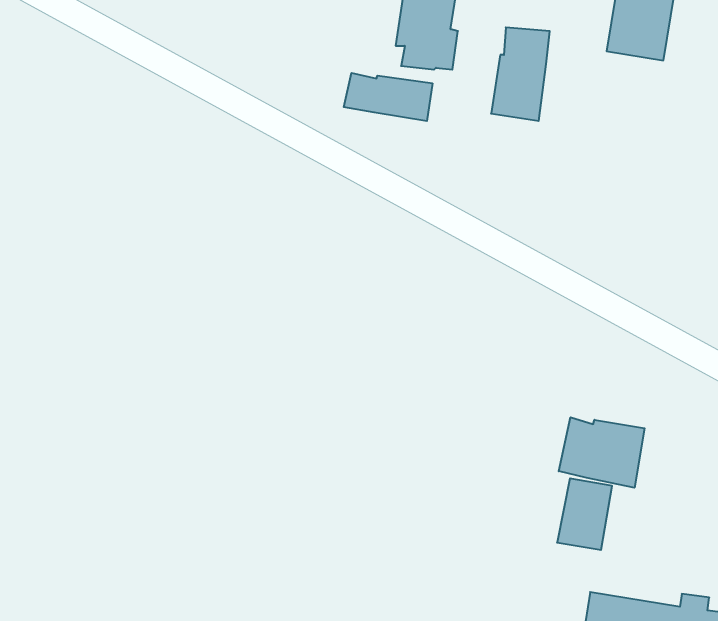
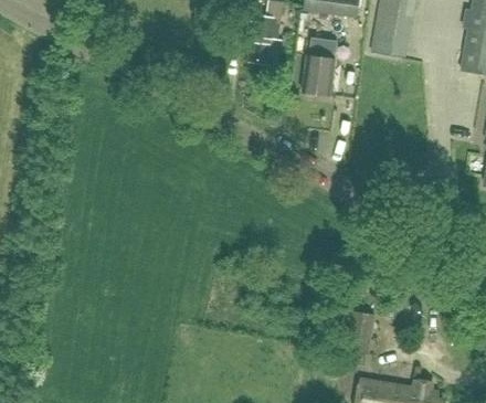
building: [344,73,432,121] -> none
building: [559,417,645,488] -> none

